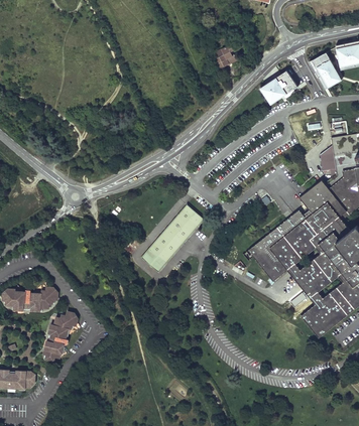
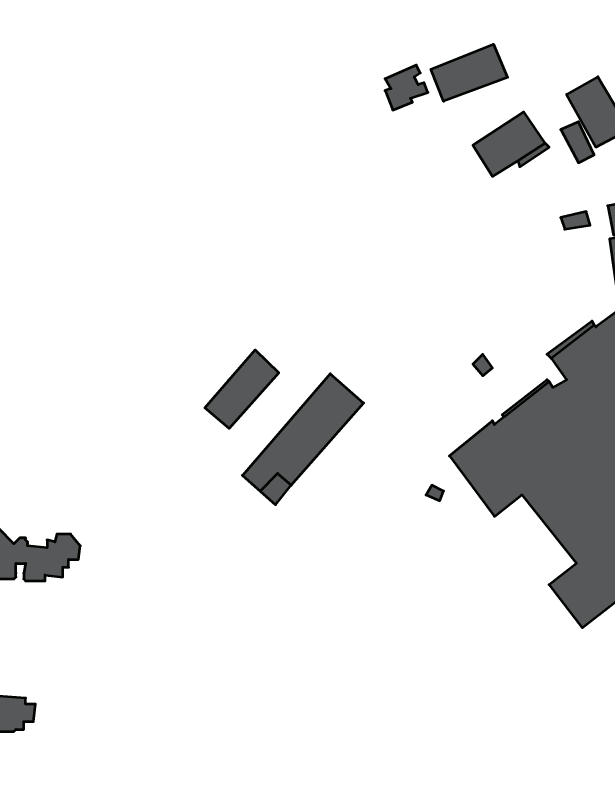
building: none -> [431,44,508,101]
building: none -> [205,350,279,428]
building: [41,312,77,363] -> none

